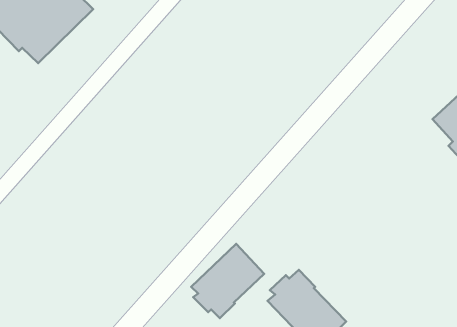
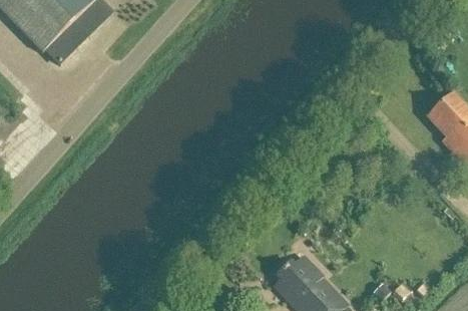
building: [191,244,264,318] -> none

